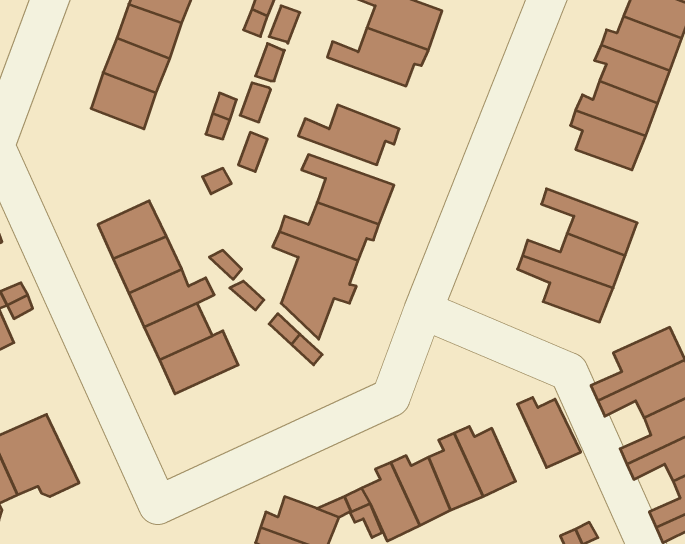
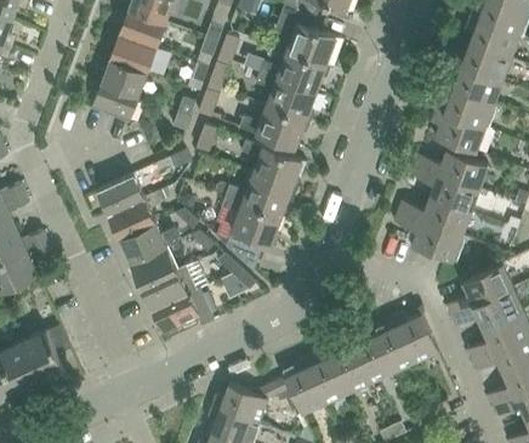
building: none -> [255,72,314,123]
building: none -> [414,149,487,189]
building: none -> [150,289,214,335]
building: none -> [375,318,414,373]

